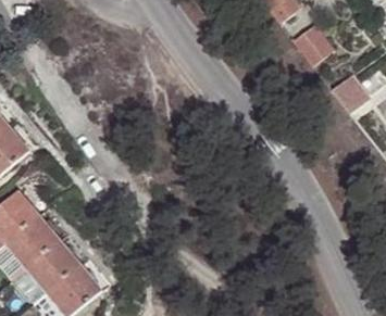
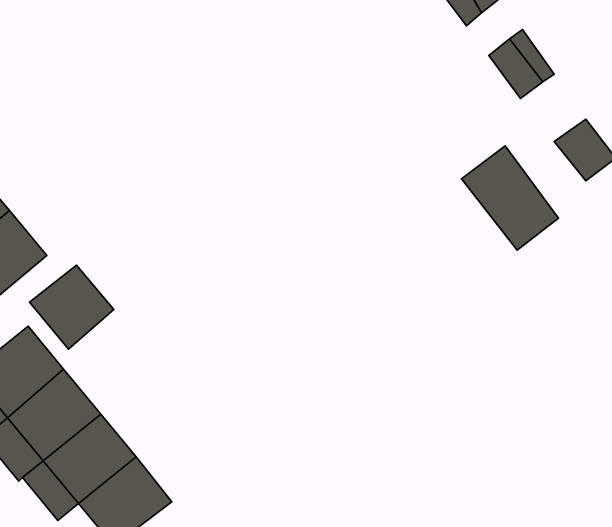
building: none -> [462,146,559,250]
building: none -> [30,265,114,349]

